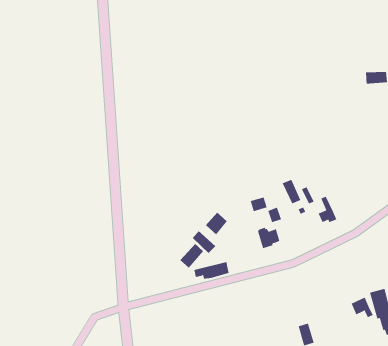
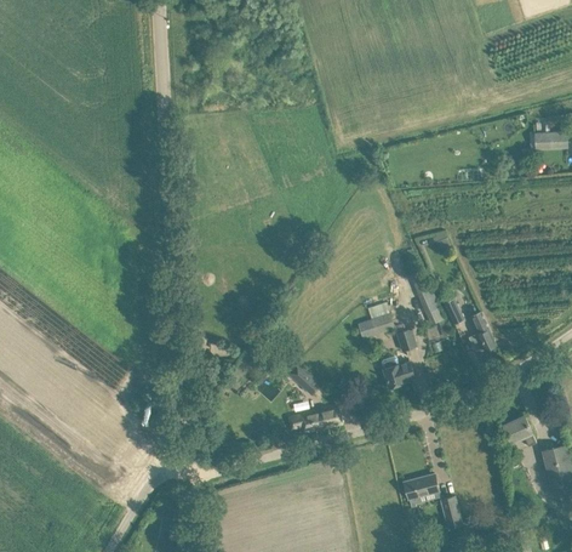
building: [205,212,227,235] -> none
building: [180,243,204,269] -> none
building: [351,297,373,318] -> [503,416,536,446]
building: none -> [402,474,439,500]

